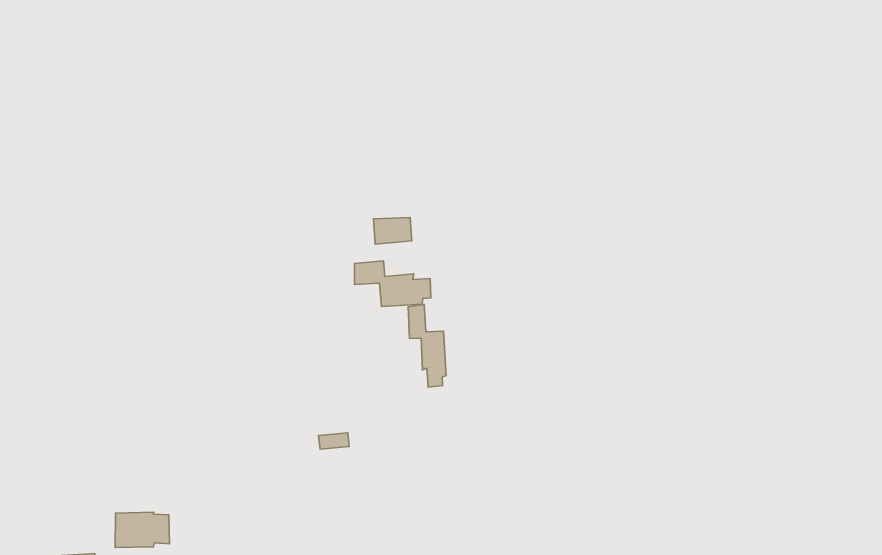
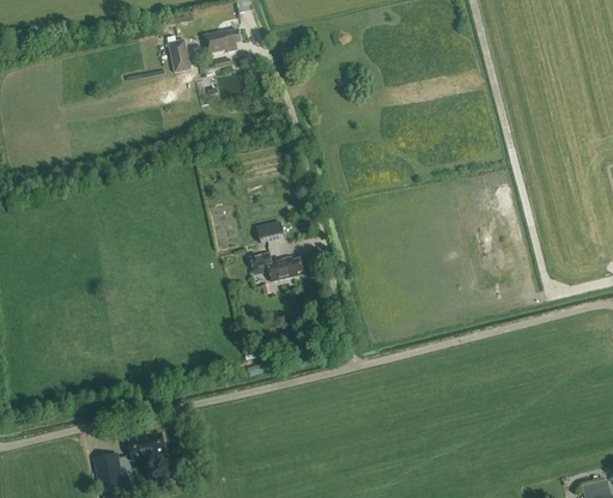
building: [408,305,446,387] -> none

